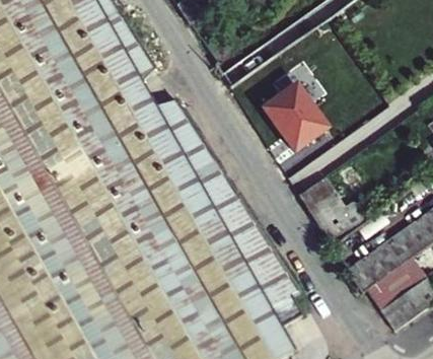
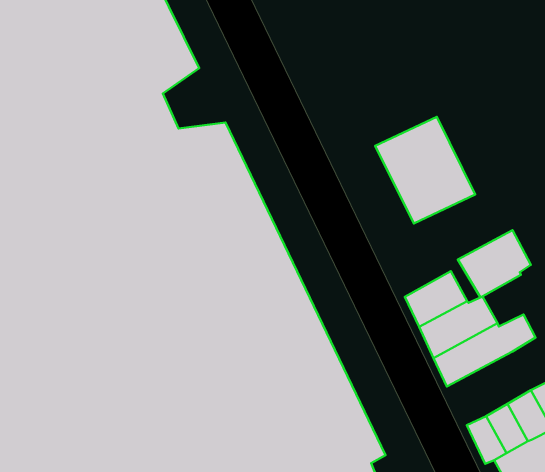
building: none -> [458,230,531,297]

